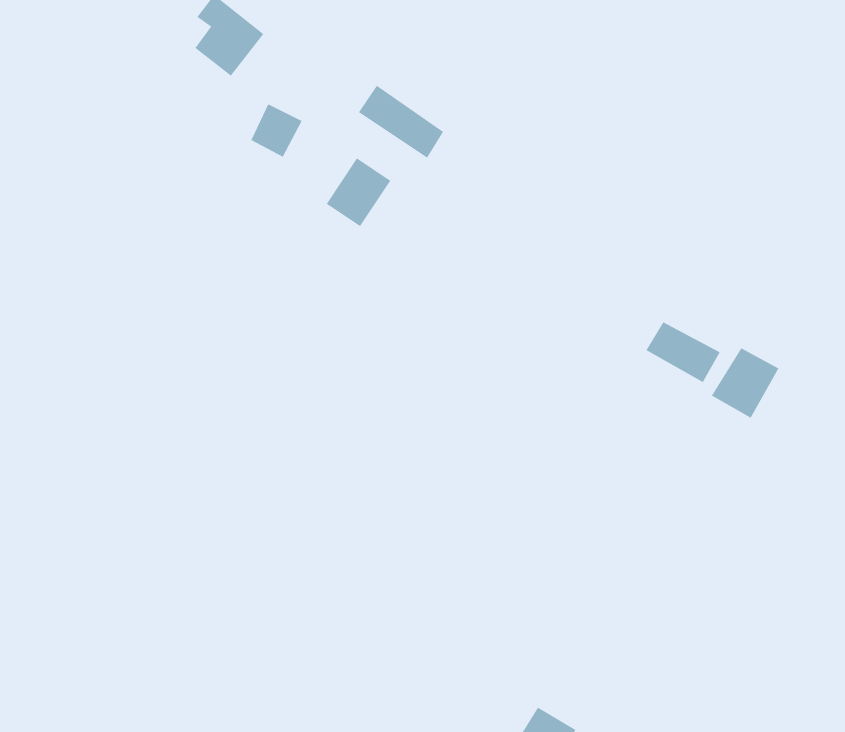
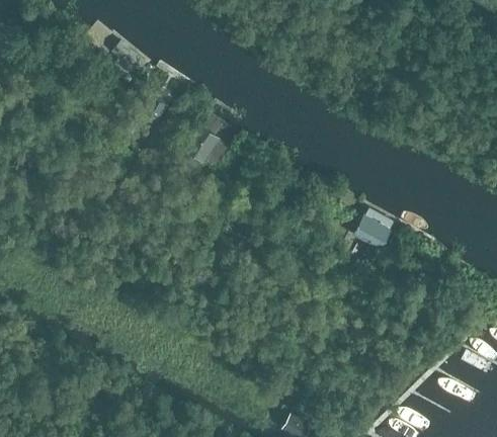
building: [358,85,444,158] -> none
building: [711,348,779,419] -> none

